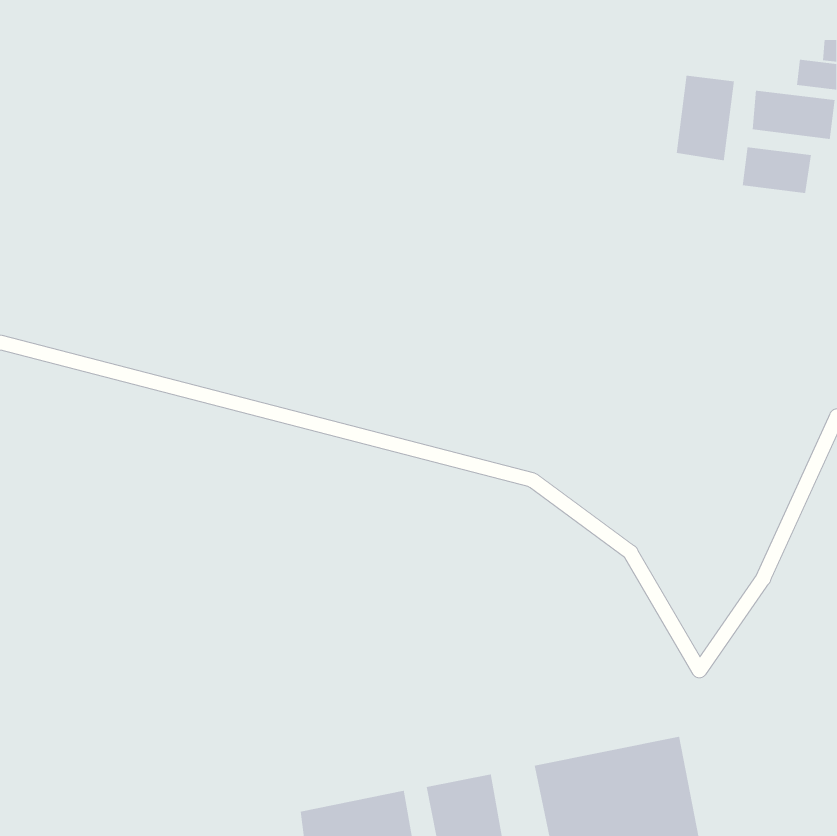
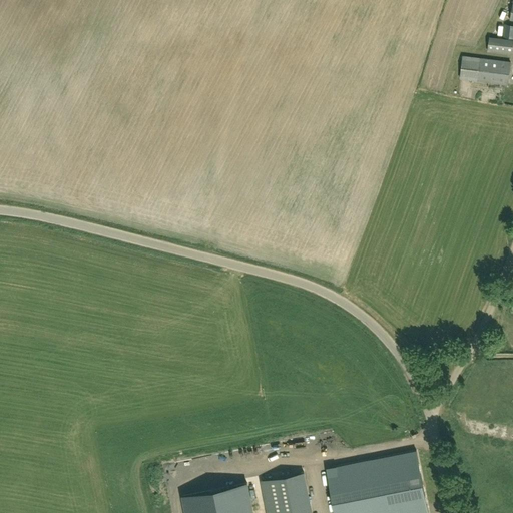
building: [676,75,734,161] -> none
building: [742,146,812,194] -> none

